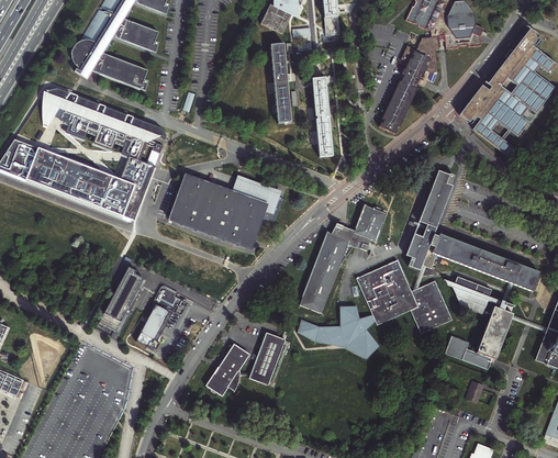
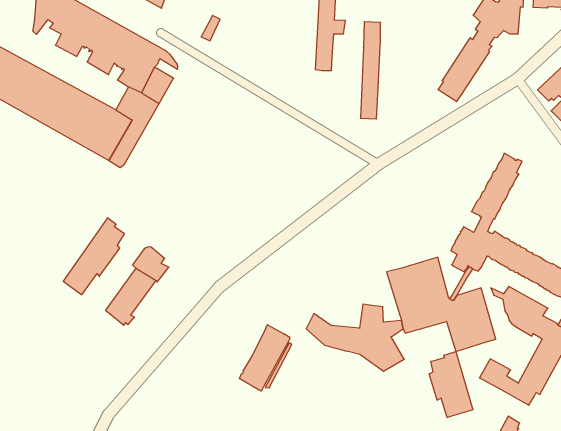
building: [169,176,281,247] -> none
building: [300,204,386,312] -> none
building: none -> [429,351,473,418]
building: [208,344,252,395] -> none

